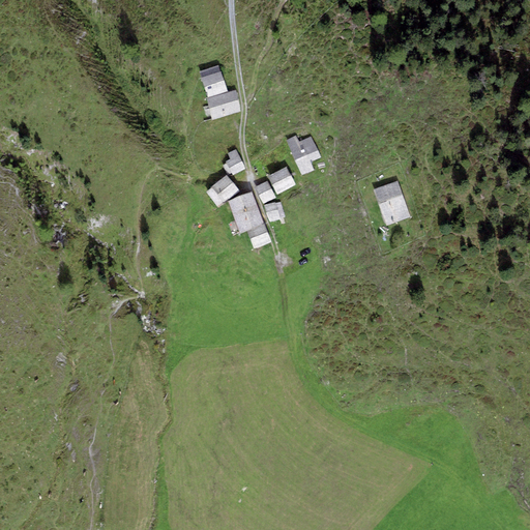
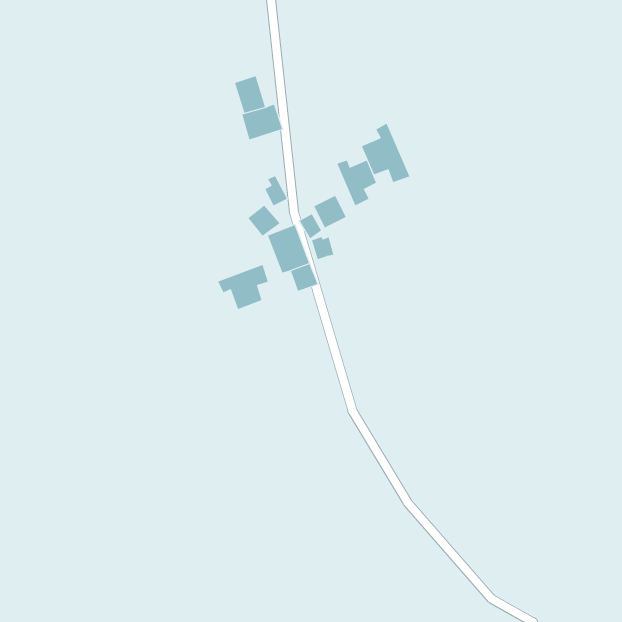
building: none -> [361,123,410,183]
building: [373,180,409,224] -> none
building: none -> [218,264,268,310]

